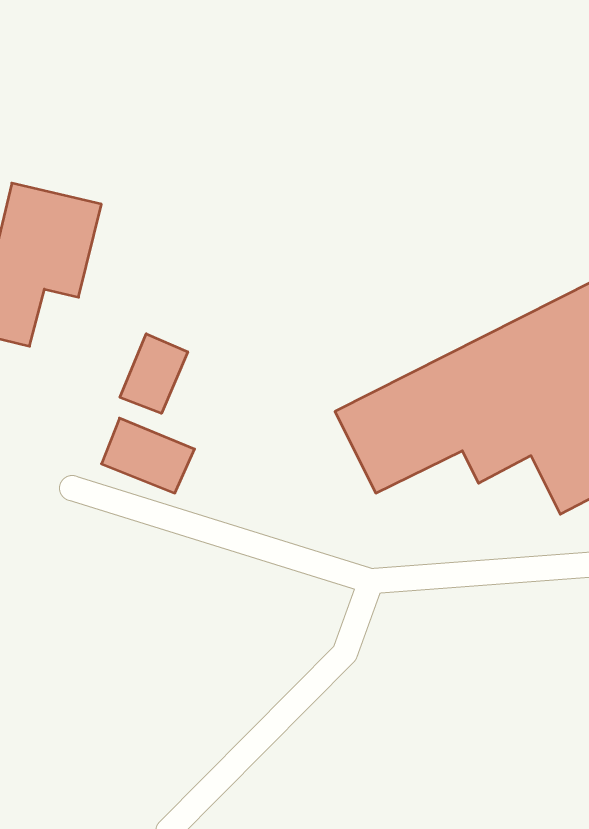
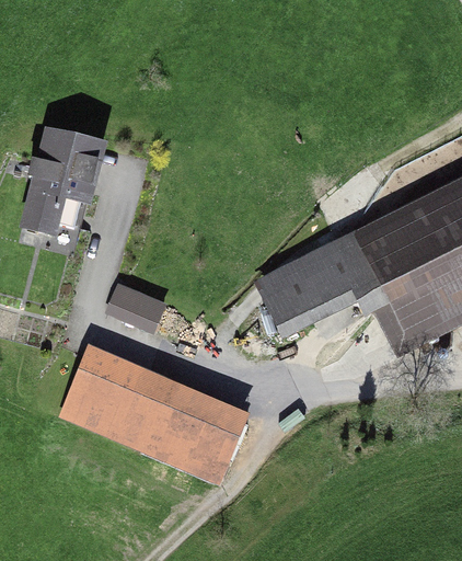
building: [120,334,188,413] -> none
building: none -> [59,344,250,483]

